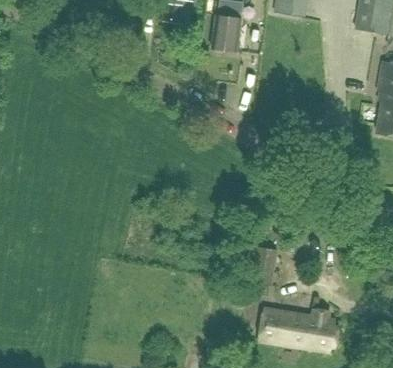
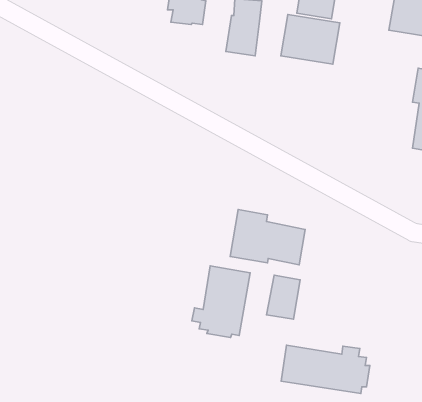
building: none -> [281,14,340,64]
building: none -> [230,209,305,265]
building: none -> [192,266,250,338]

